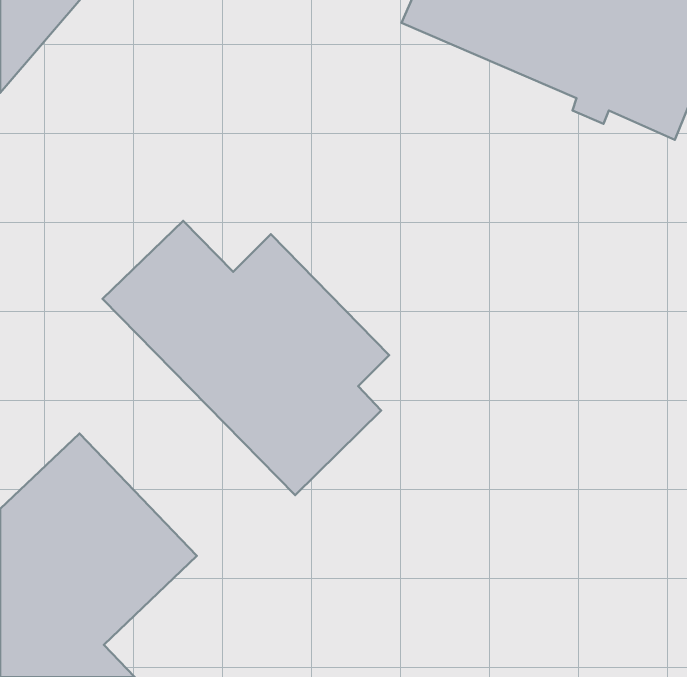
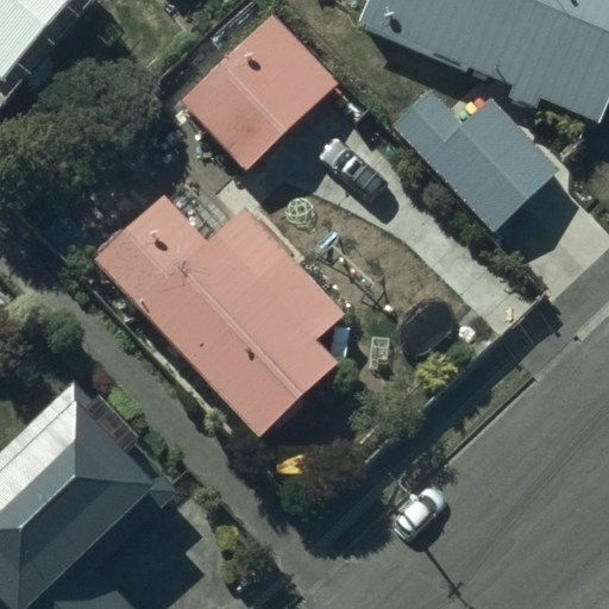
building: none -> [178,13,338,171]
building: none -> [390,88,557,231]

